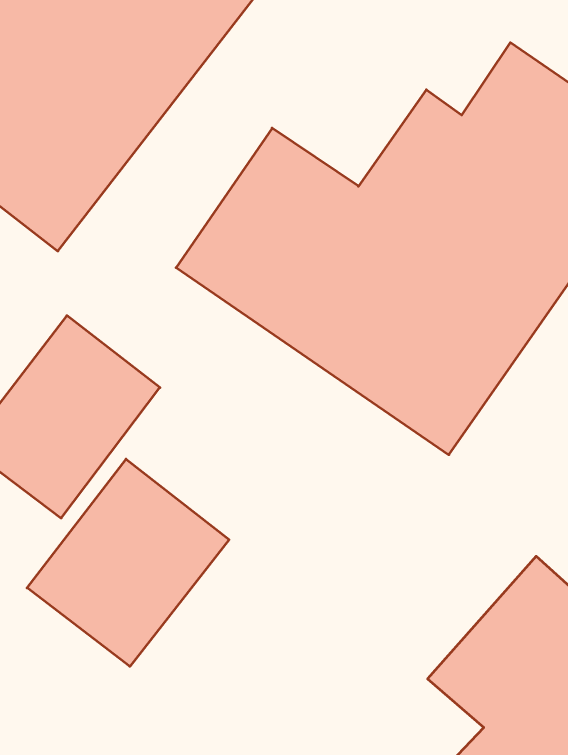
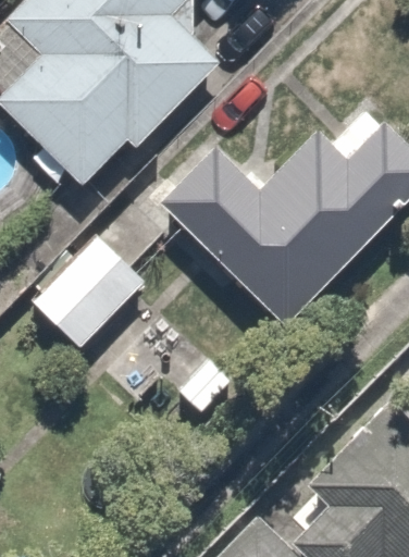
building: [27,459,229,666] -> none

